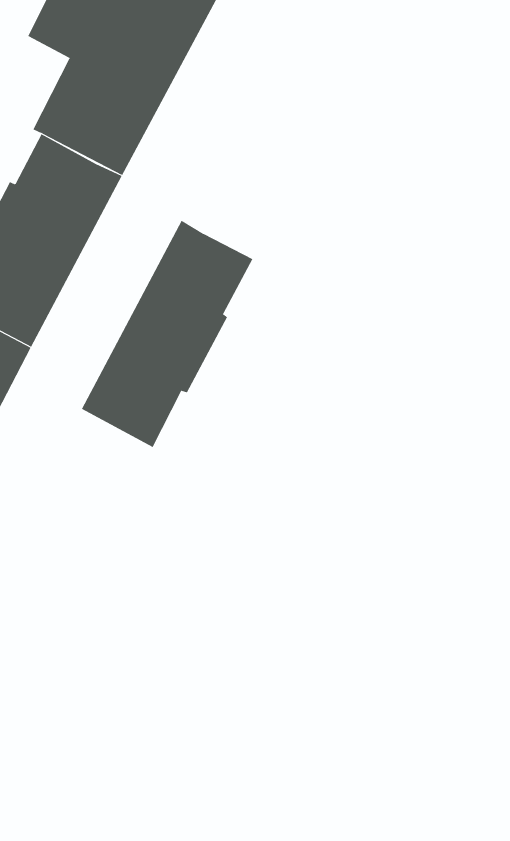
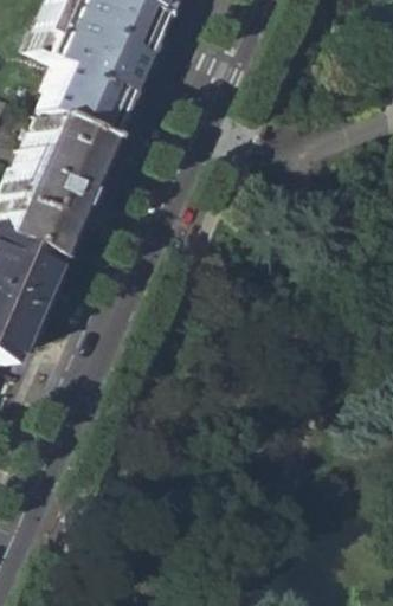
building: [81,220,253,448] -> none

